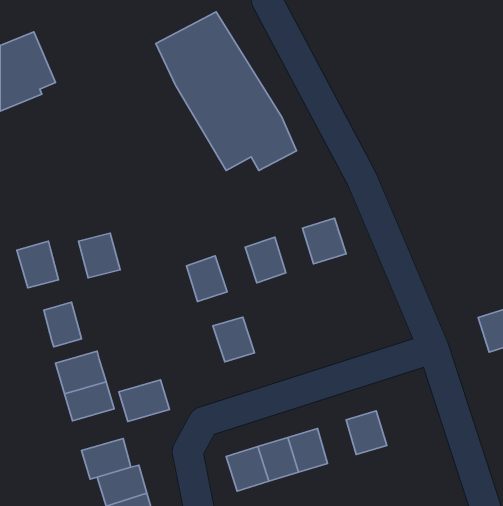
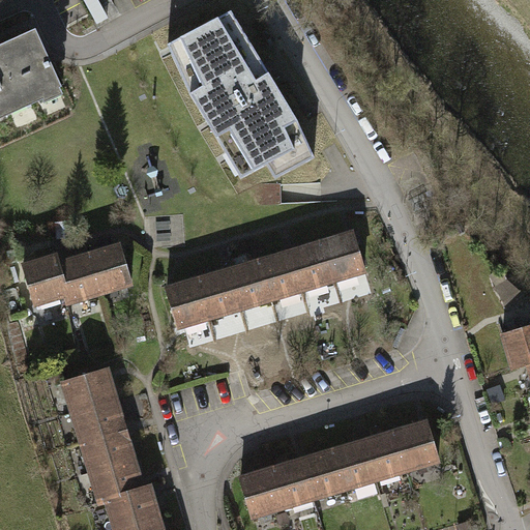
building: none -> [291,239,331,286]
building: none -> [168,278,210,325]
building: [44,302,82,347] -> [57,253,96,299]
building: [213,317,255,362] -> [229,259,272,305]
building: [119,380,169,421] -> [80,428,132,471]
building: none -> [396,419,440,466]
building: none -> [335,439,376,484]

